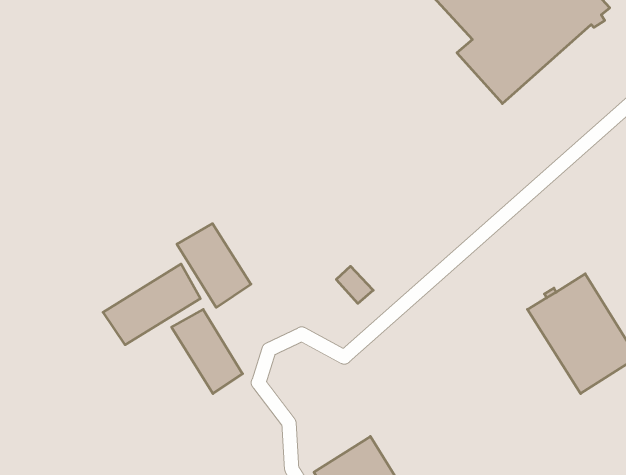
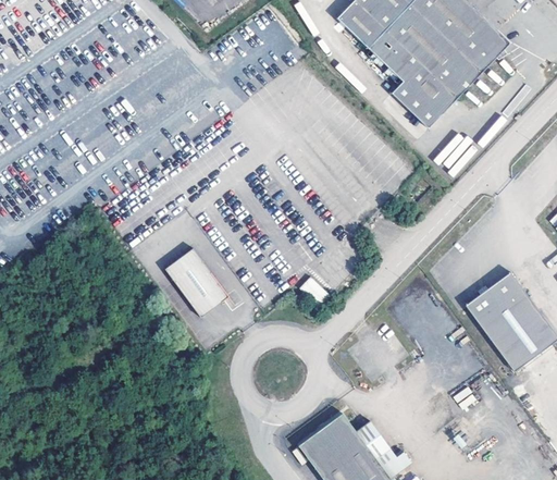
building: [103,264,200,345] -> none
building: [172,309,243,394] -> none

